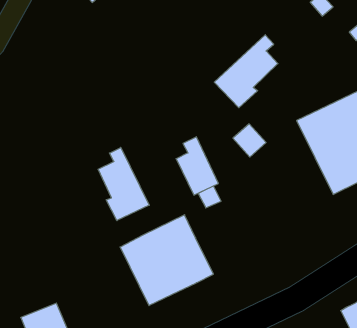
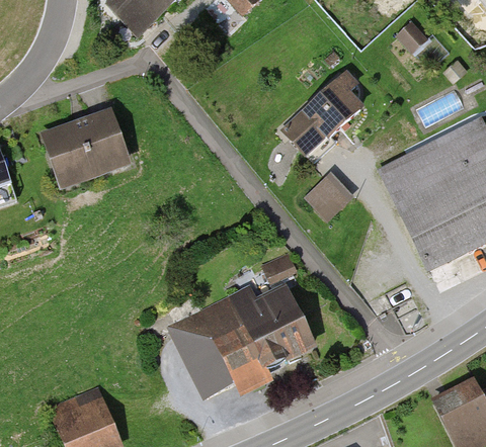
building: none -> [46,111,127,173]
building: [176,137,218,195] -> [262,287,313,357]
building: [98,147,149,221] -> none

